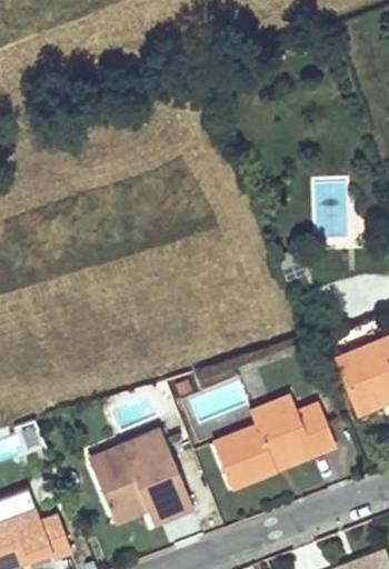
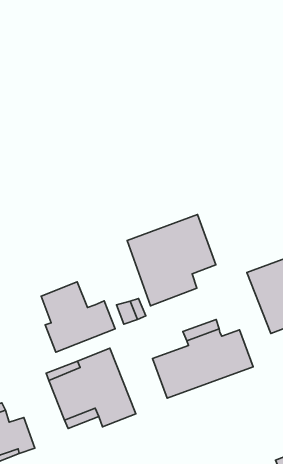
building: none -> [127,214,216,306]
building: none -> [41,282,115,352]

